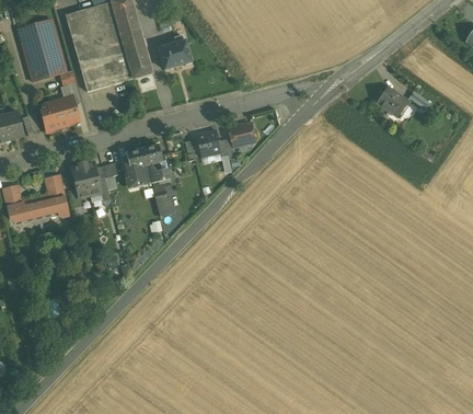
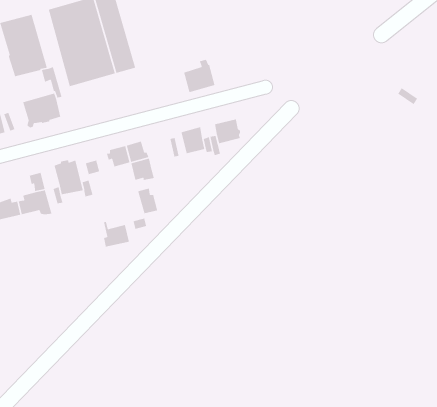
building: [159,35,191,69] -> [183,59,215,93]
building: [377,87,408,116] -> none
building: [125,162,151,188] -> [103,221,130,248]

